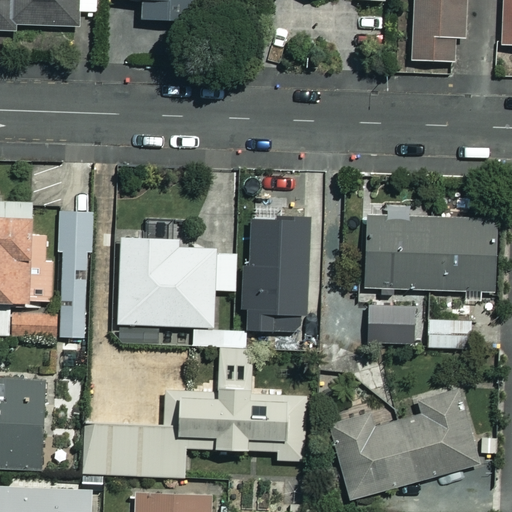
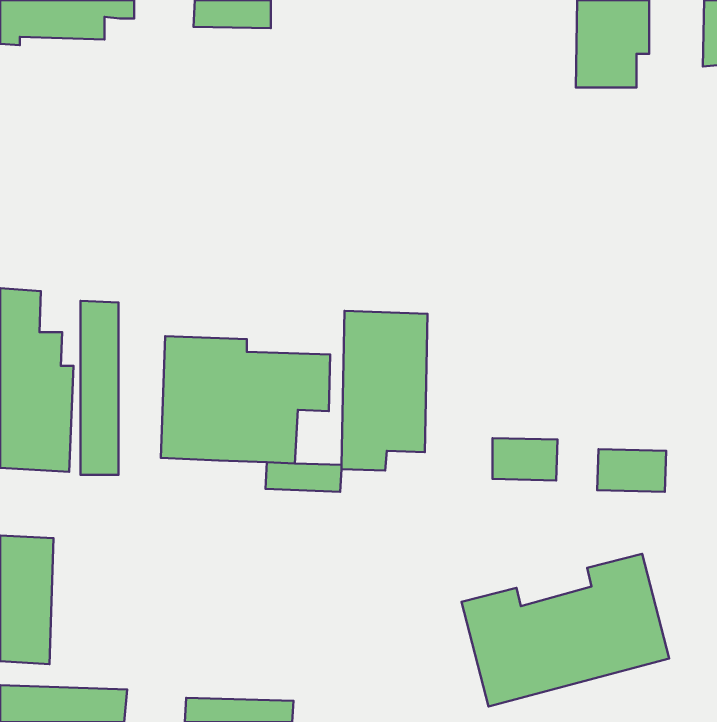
building: [365,218,496,301] -> none
building: [84,349,307,477] -> none

